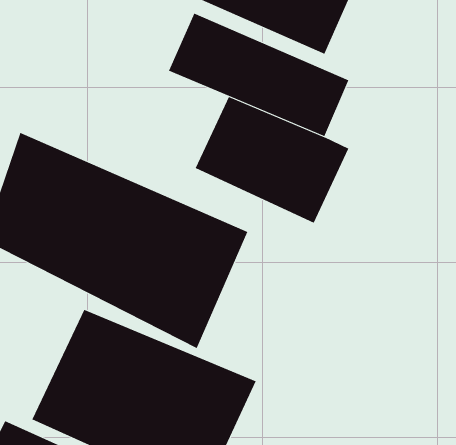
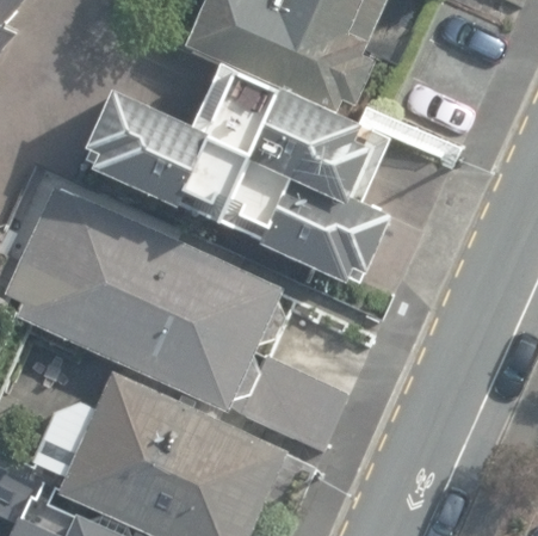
building: none -> [73,88,256,226]

